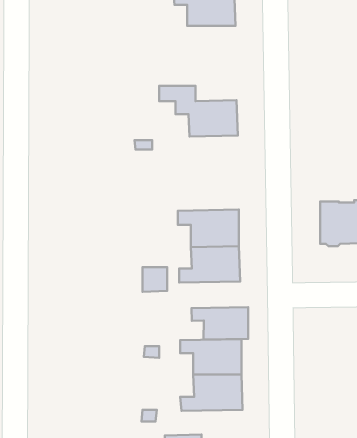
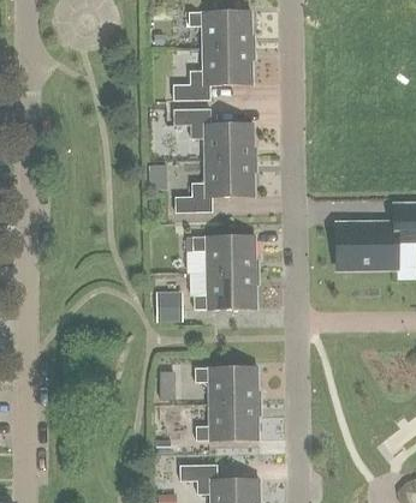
building: none -> [172,47,252,100]
building: none -> [174,158,254,211]
building: [191,307,248,340] -> none

